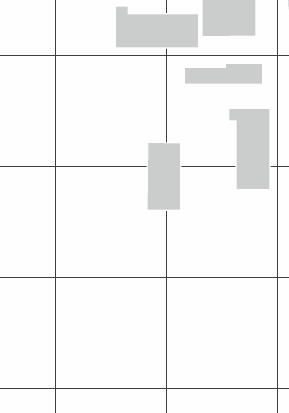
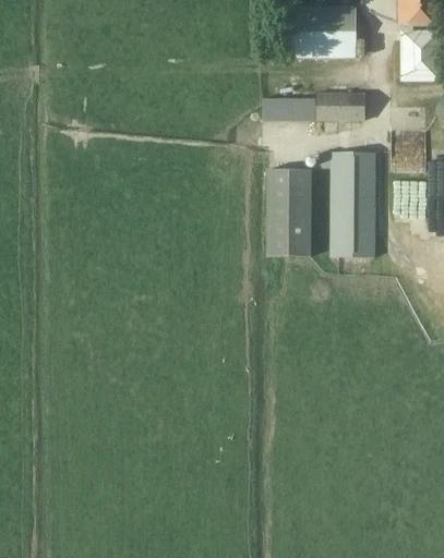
building: [115,6,198,48] -> none
building: [147,142,181,210] -> [266,169,311,257]

